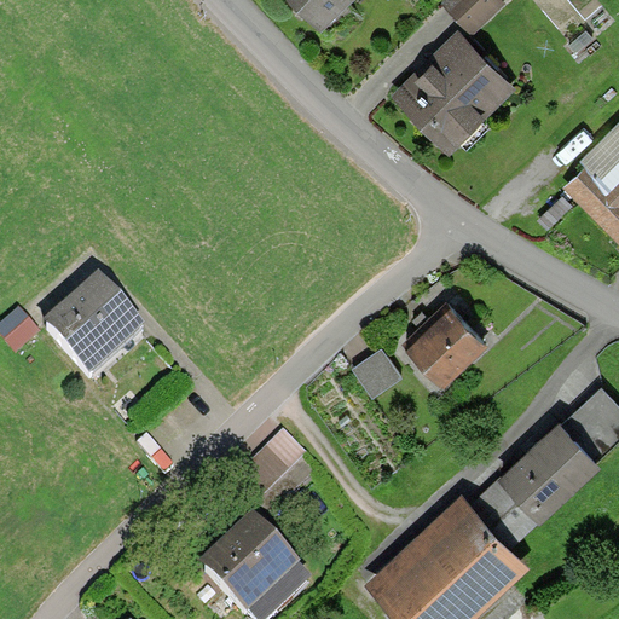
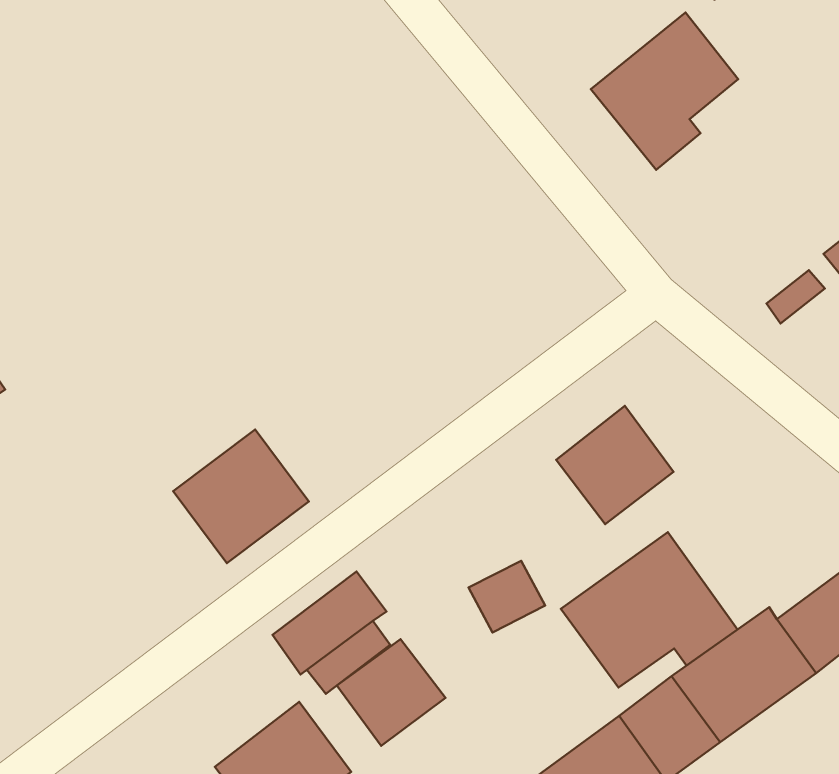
building: [47,283,138,374] -> [173,429,309,563]
building: [351,347,403,397] -> [469,561,545,632]
building: none -> [561,532,737,688]
building: none -> [337,639,445,746]

